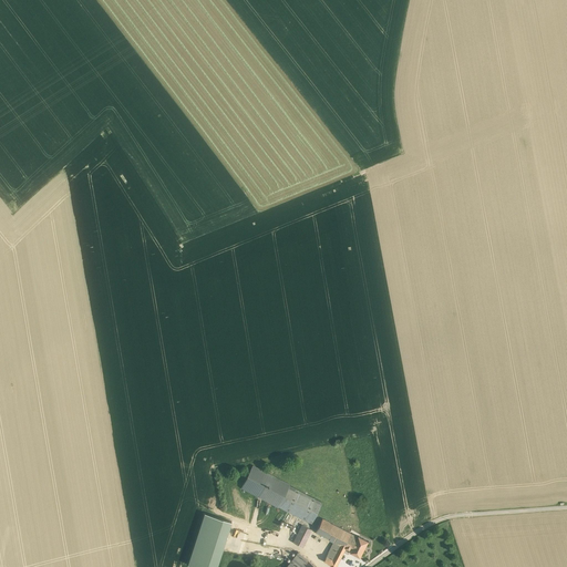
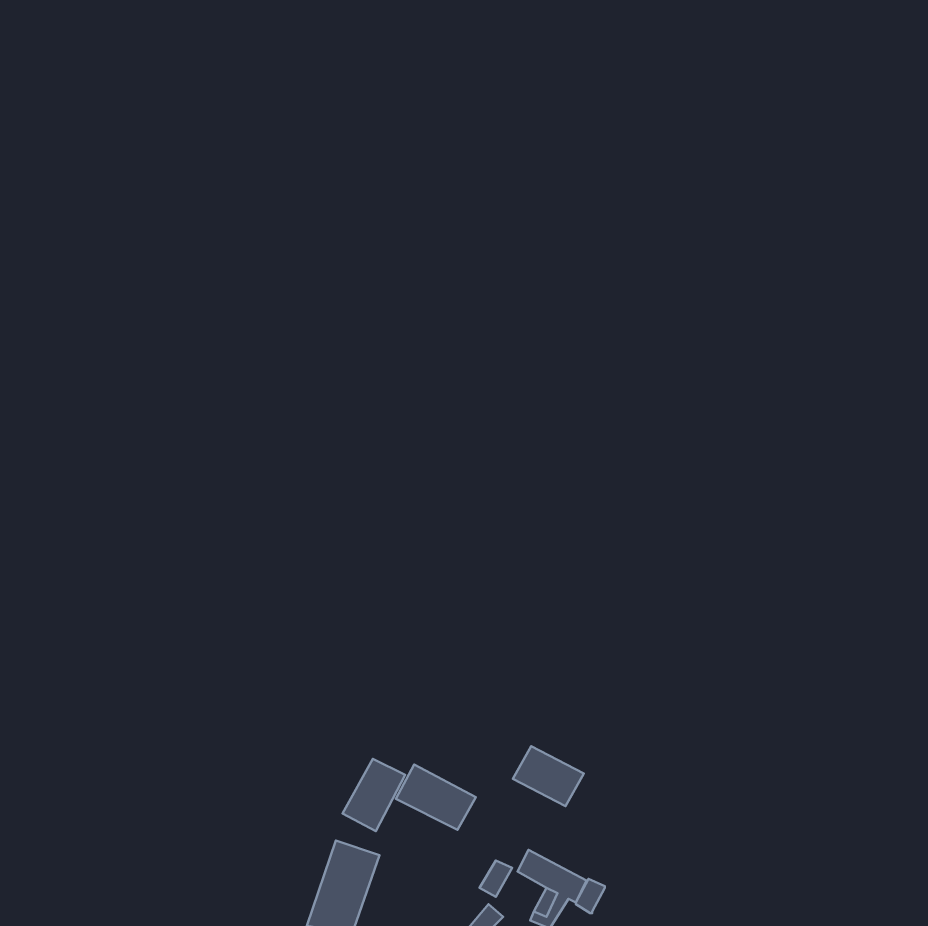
building: none -> [342,759,405,831]
building: [279,487,322,524] -> [513,746,584,806]

